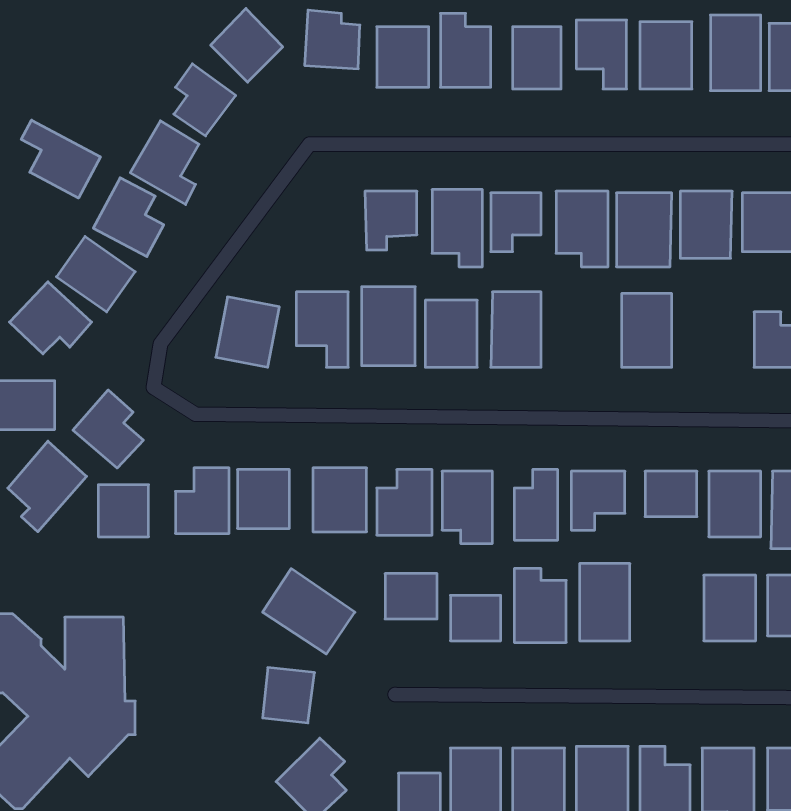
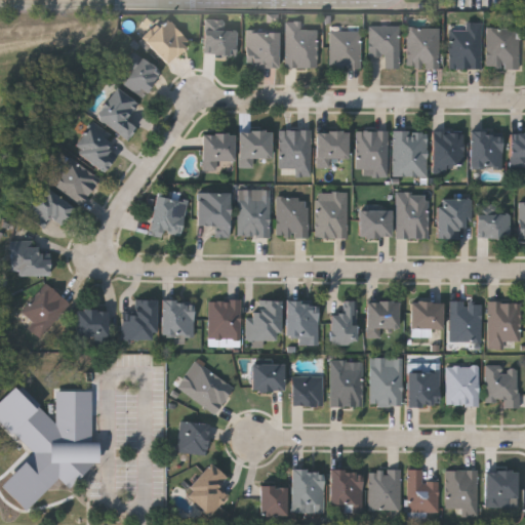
building: [21,120,100,198] -> none
building: none -> [203,132,234,170]
building: none -> [439,198,472,240]
building: none -> [359,210,392,238]
building: [73,390,143,468] -> none
building: none -> [408,363,440,406]

